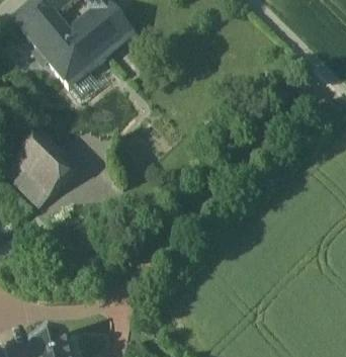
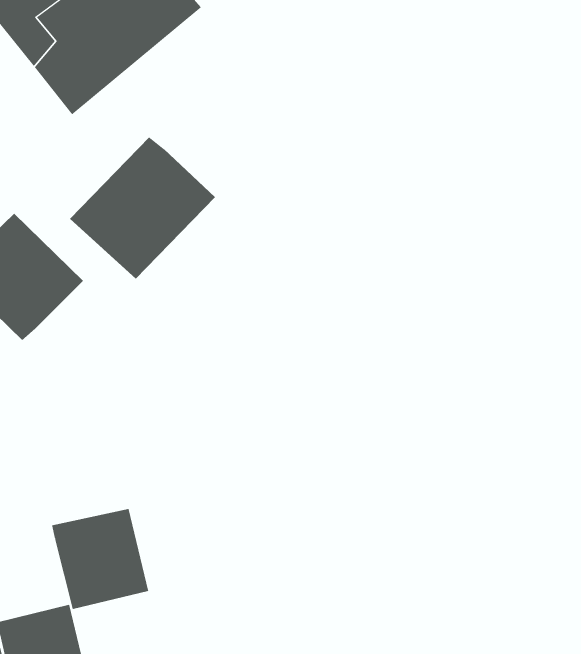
building: none -> [69,136,216,279]
building: none -> [52,508,149,610]

